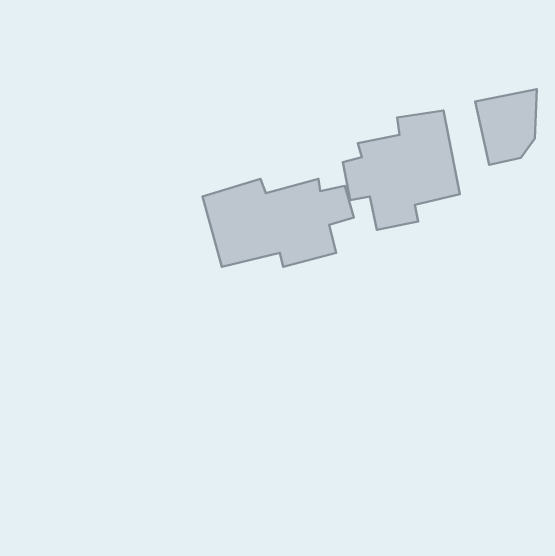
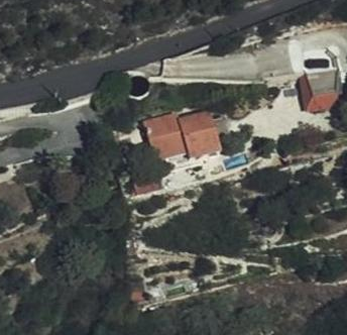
building: [343,111,460,230] -> none

